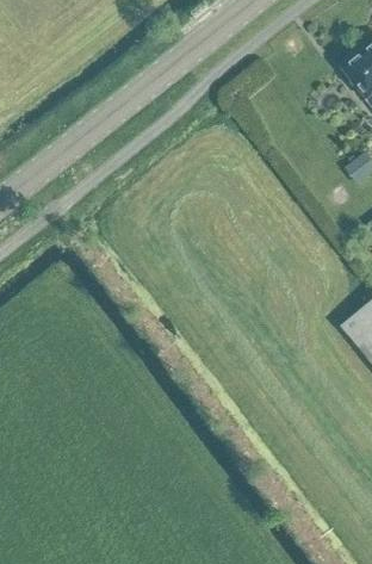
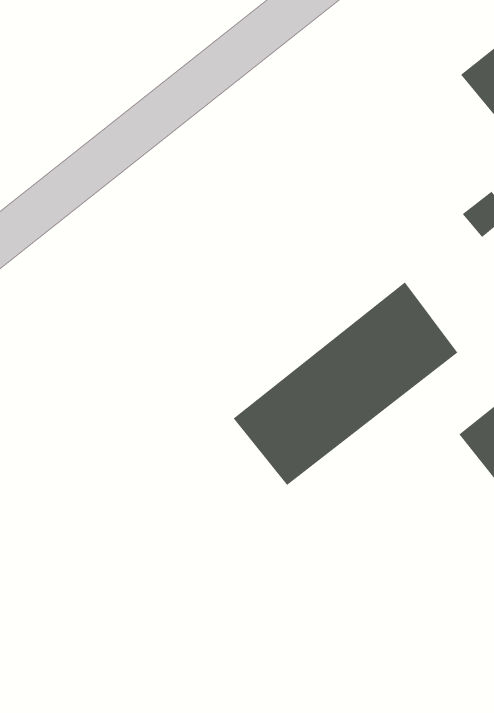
building: none -> [233,281,458,486]

